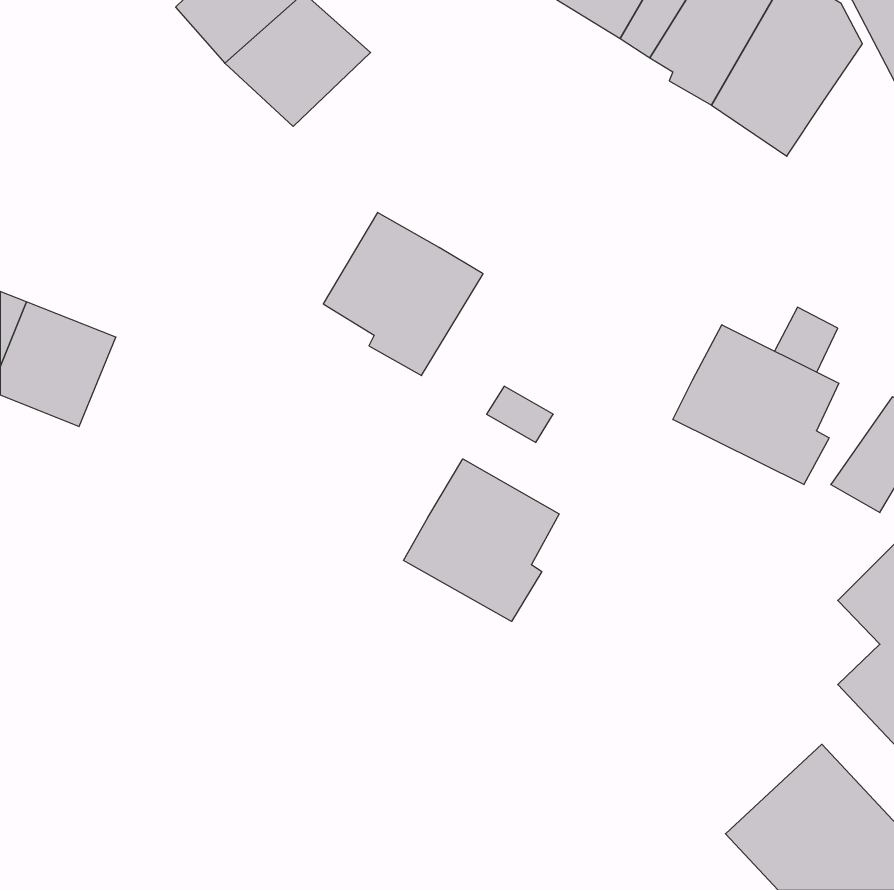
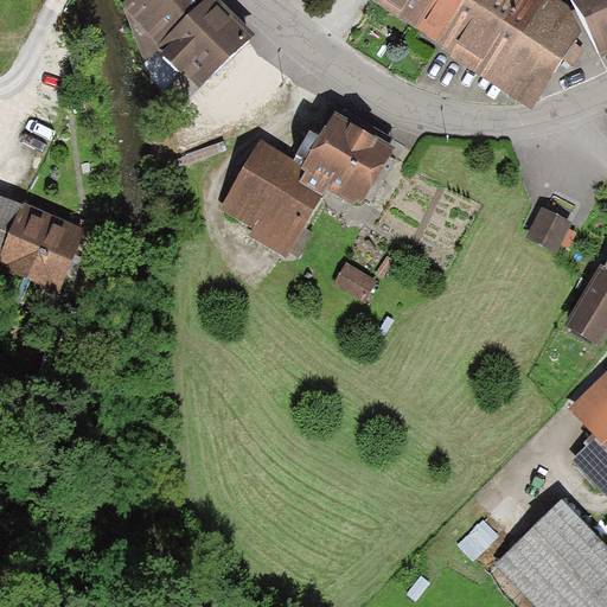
building: none -> [299,113,392,204]
building: [673,325,839,485] -> none
building: [404,459,559,621] -> none

